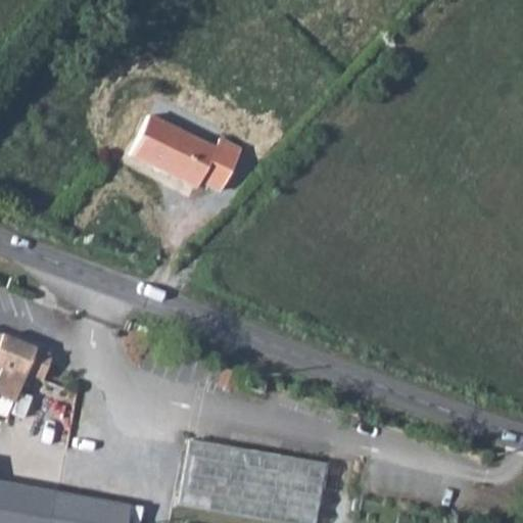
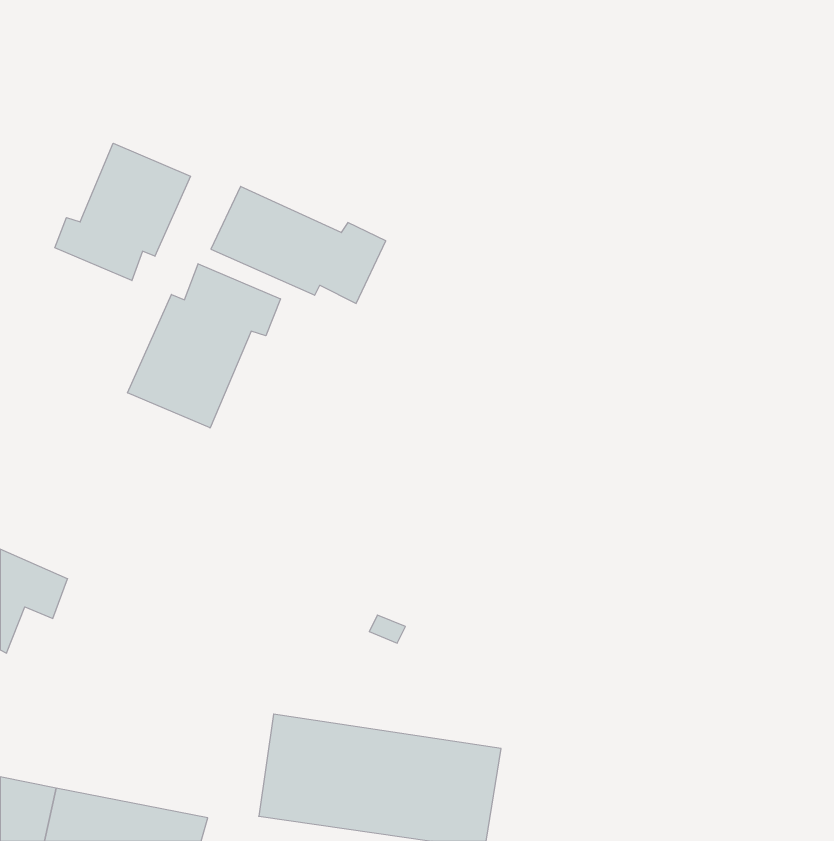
building: none -> [55,143,190,281]
building: none -> [128,264,280,428]

